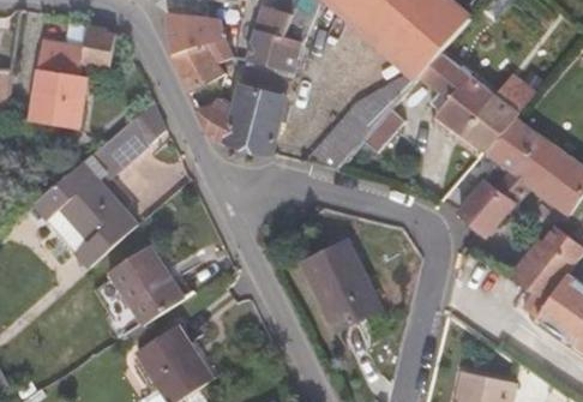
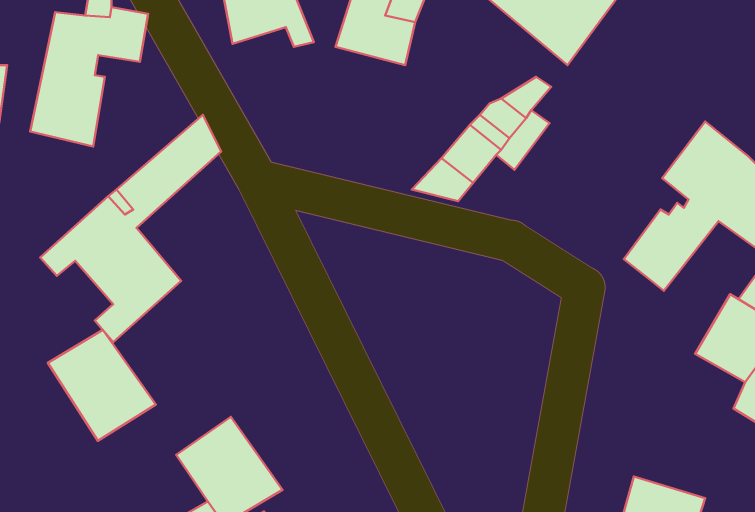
building: [416,41,516,156] -> none
building: [174,44,224,90] -> none
building: [197,66,295,154] -> none
building: [301,246,379,334] -> none
building: [106,247,184,328] -> [48,330,156,441]

